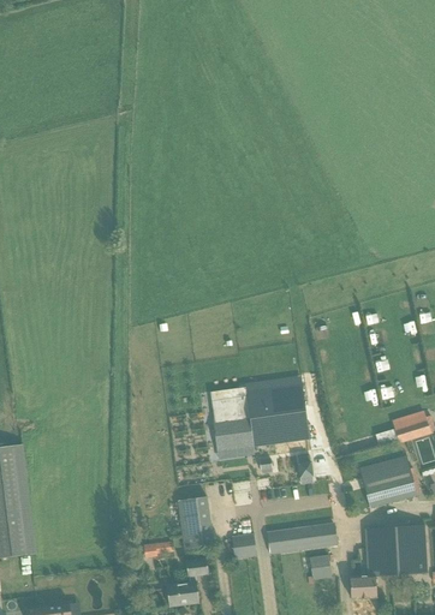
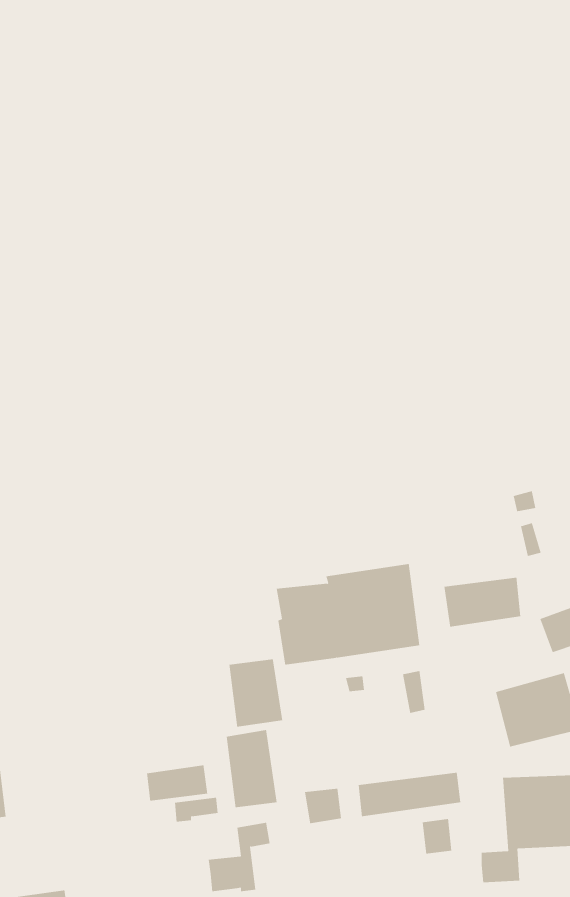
building: none -> [444,577,521,628]
building: none -> [229,659,283,727]
building: none -> [146,764,208,801]

